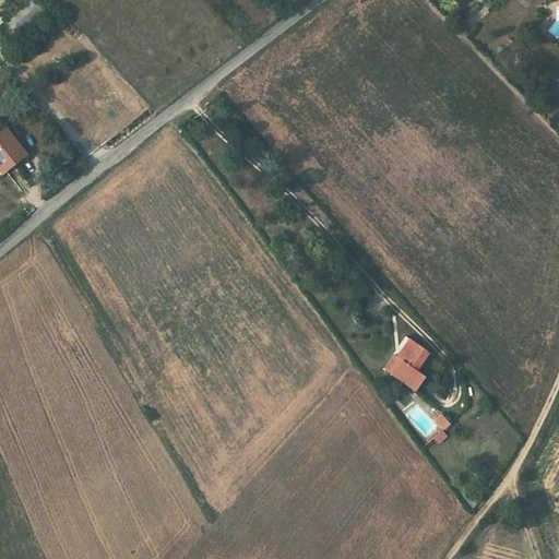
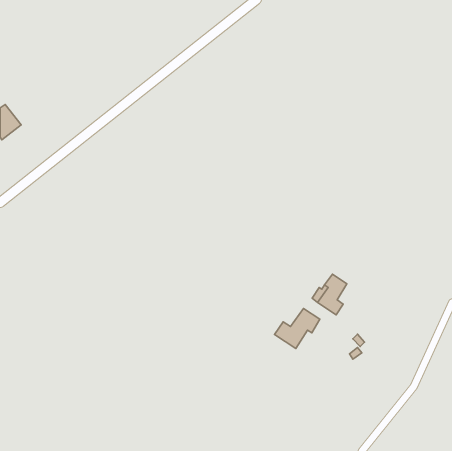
building: none -> [275,308,320,349]

